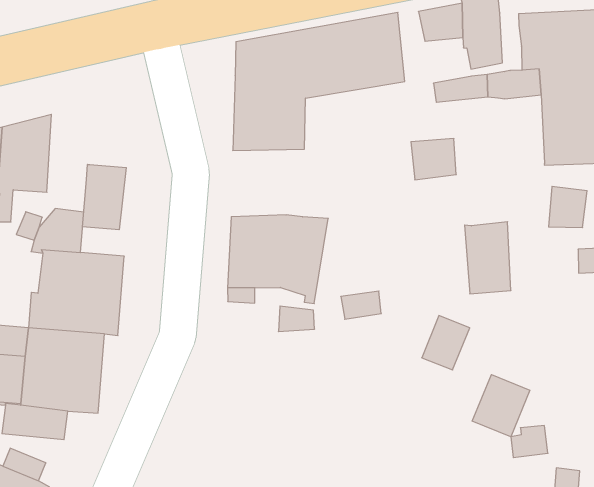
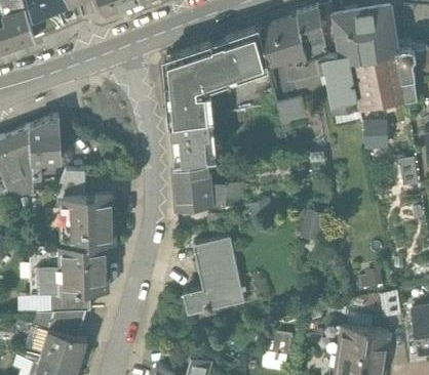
building: none -> [277,41,308,71]
building: none -> [169,120,217,166]
building: [83,164,126,230] -> none
building: [465,222,511,294] -> [325,70,358,116]
building: none -> [184,237,244,316]
building: [472,375,530,437] -> none

